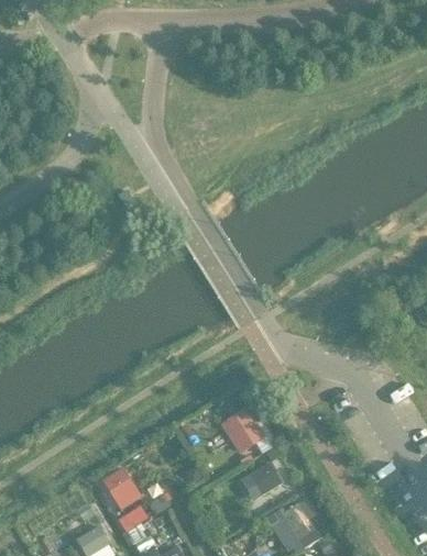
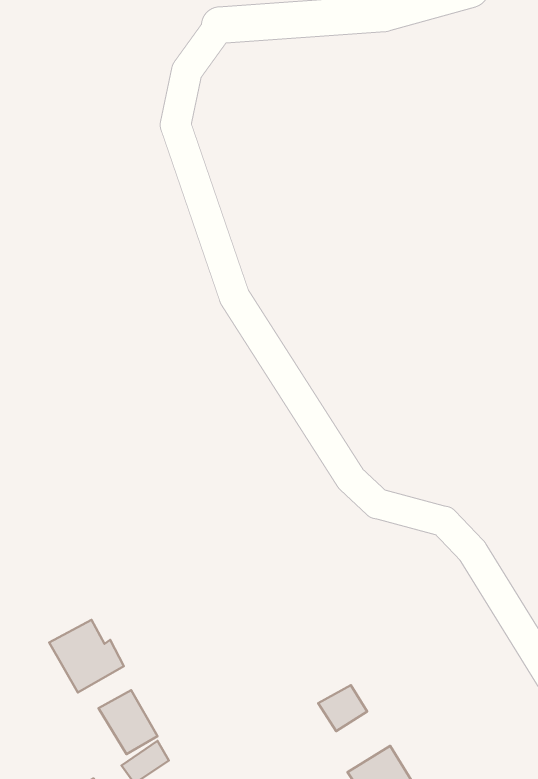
building: [221,411,263,454] -> none
building: none -> [49,620,124,692]

